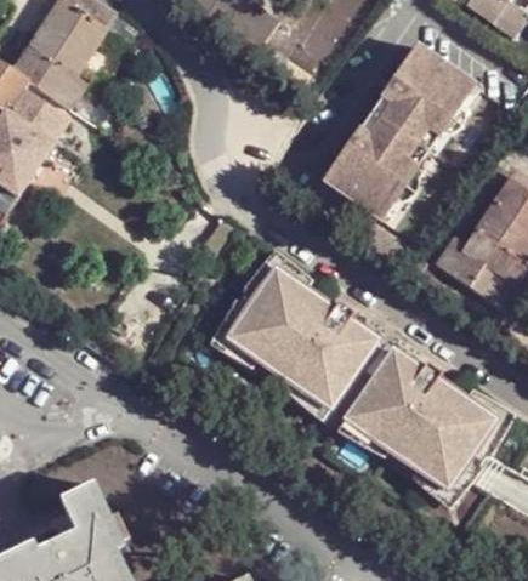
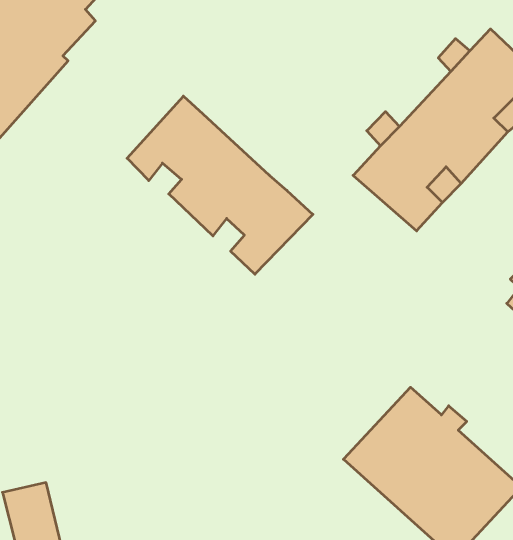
building: none -> [127,96,313,274]
building: [227,272,377,411] -> none

